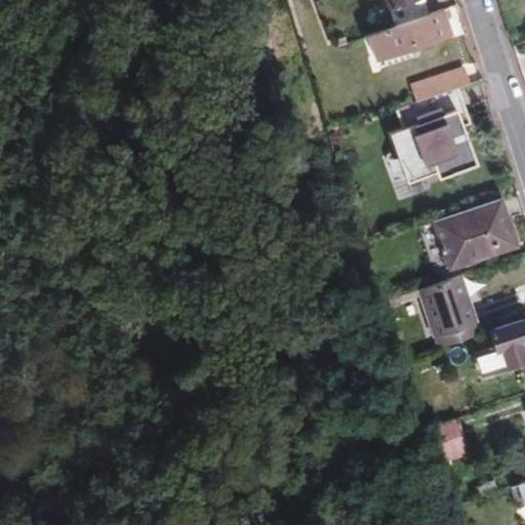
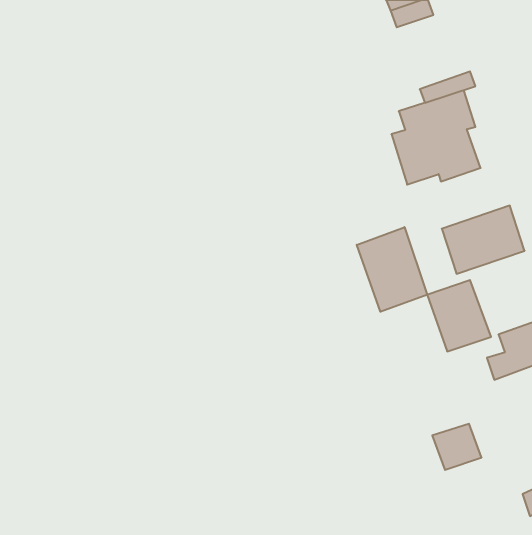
building: [385,10,447,52] -> none
building: none -> [357,227,427,312]

